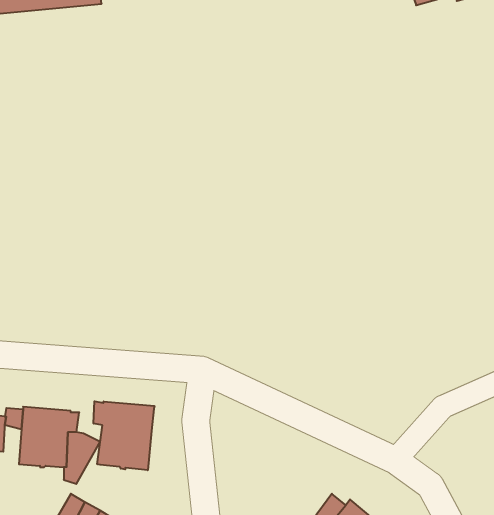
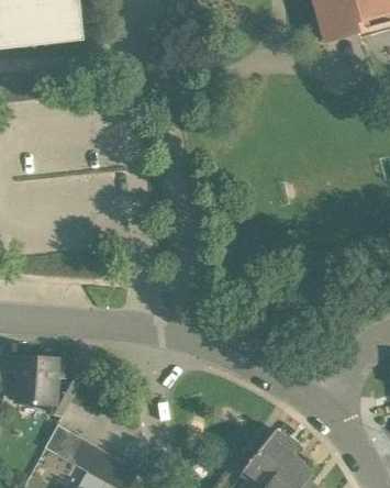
building: [94,401,154,470] -> none

